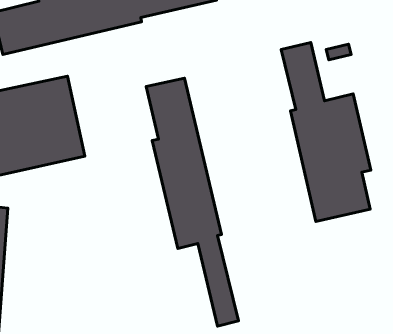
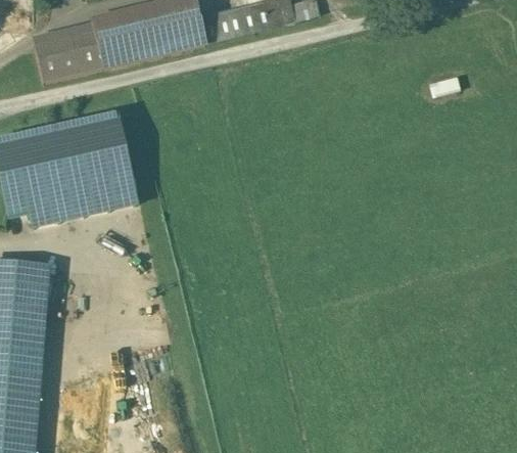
building: [281,42,371,222] -> none
building: [146,78,238,326] -> none

